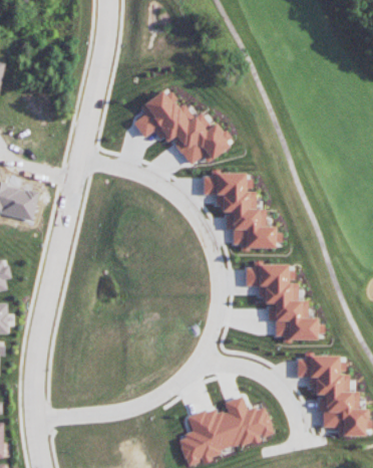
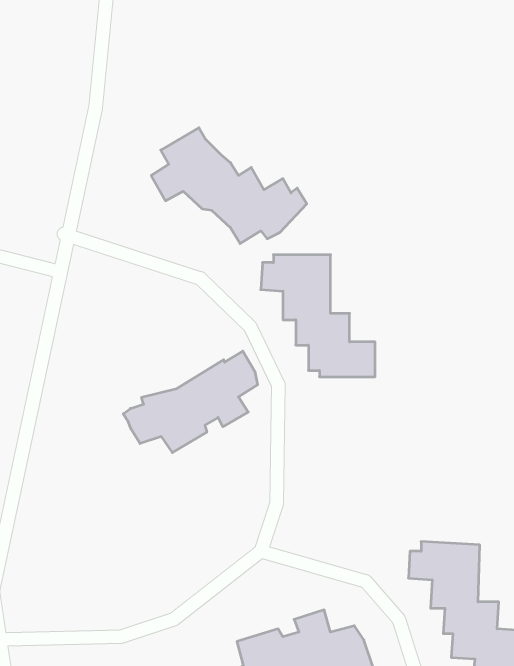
building: none -> [123,351,258,453]
building: [245,261,318,340] -> none

